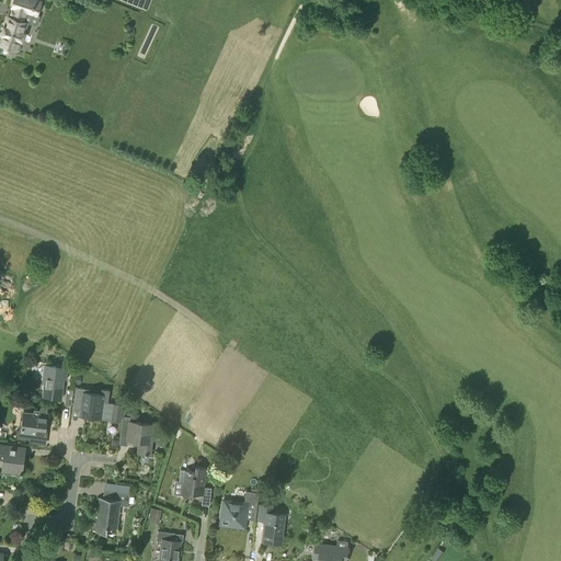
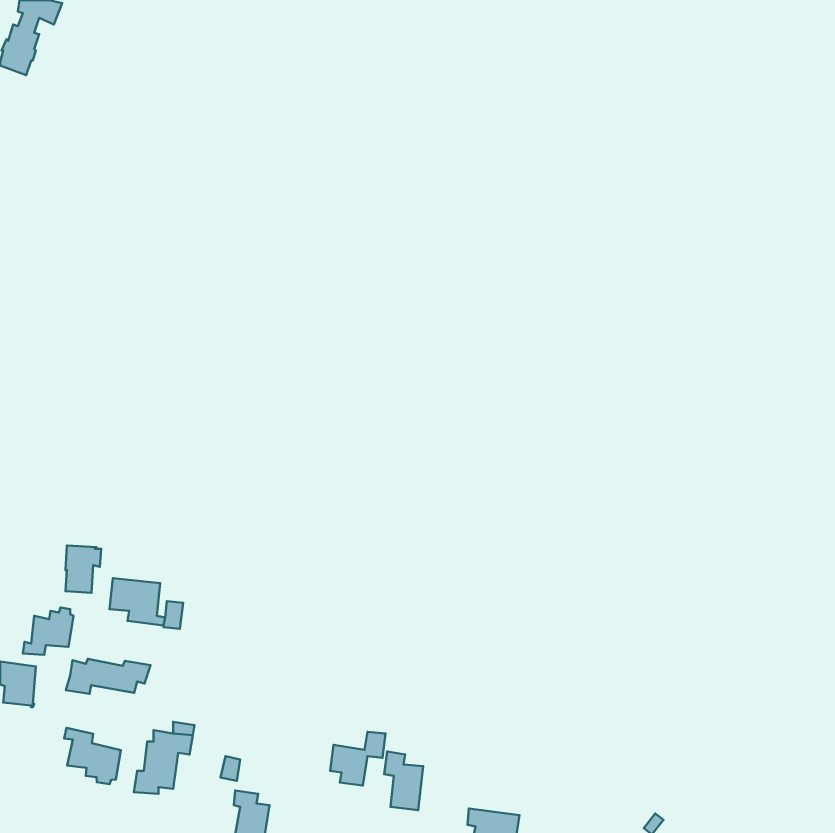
building: [127,423,153,456] -> none
building: none -> [66,659,150,694]
building: [179,468,211,506] -> none
building: none -> [64,728,121,784]

